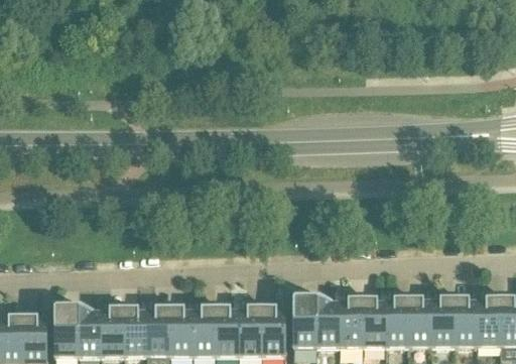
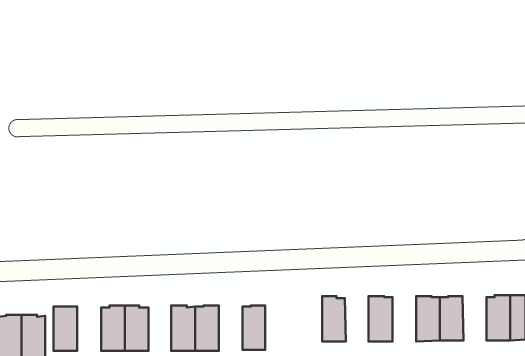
building: [292,301,316,346] -> none
building: [339,301,362,346] -> none
building: [385,301,408,346] -> none
building: [454,301,477,345] -> none
building: [78,311,101,355] -> none
building: [147,311,169,355] -> none
building: [216,311,239,355] -> none
building: [261,311,285,354] -> none

